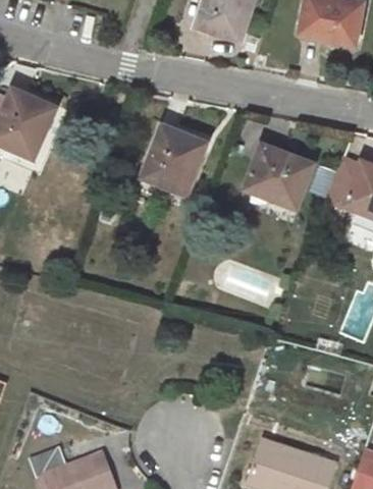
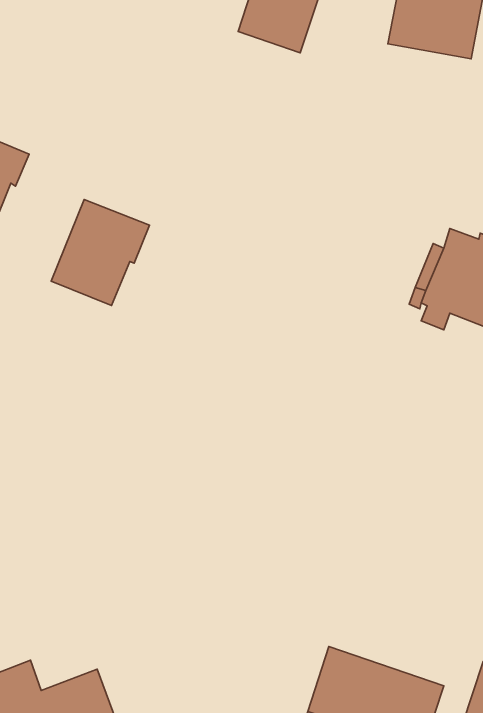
building: [142,122,208,194] -> [51,199,149,305]
building: [247,144,313,207] -> none

